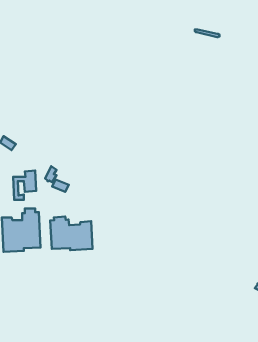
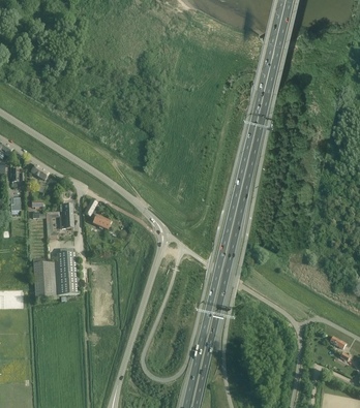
building: [50,216,92,250] -> none

